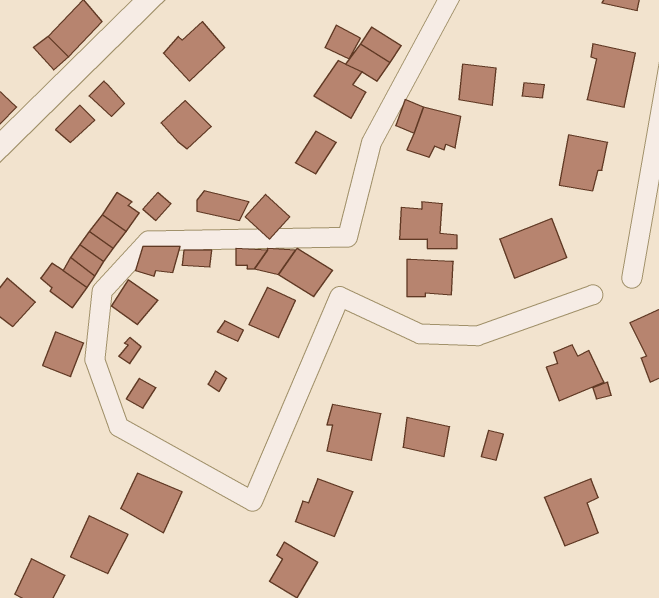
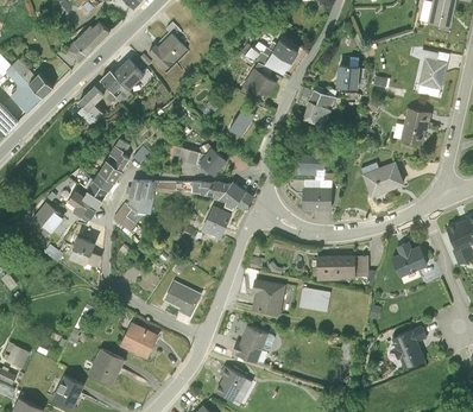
building: [161,101,211,149] -> [112,61,144,91]
building: none -> [317,255,355,279]
building: none -> [165,279,203,316]

